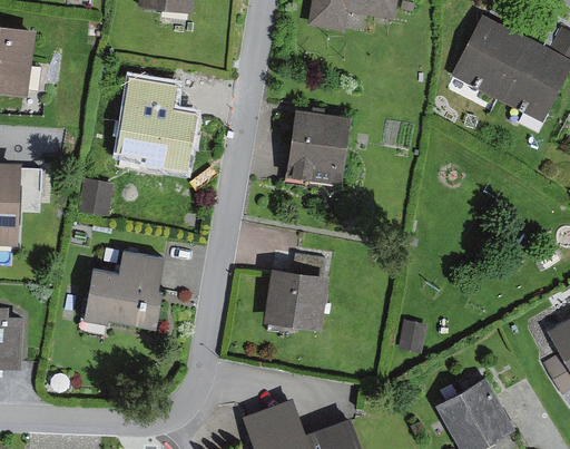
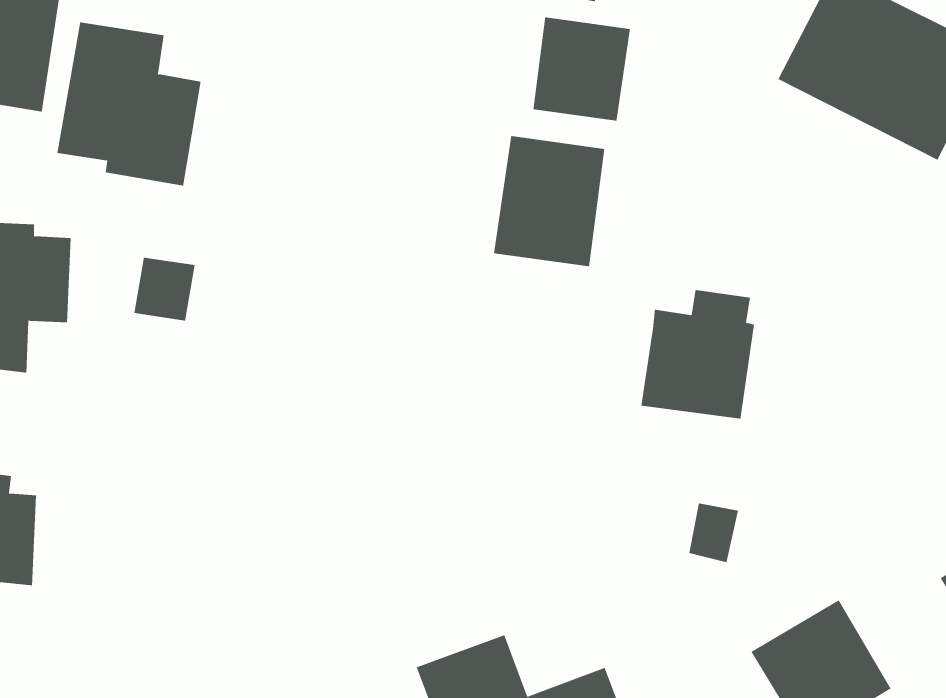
building: none -> [533,17,631,122]
building: [115,78,198,173] -> [56,22,201,186]
building: [83,251,164,329] -> none
building: [263,256,328,331] -> [641,290,755,419]

